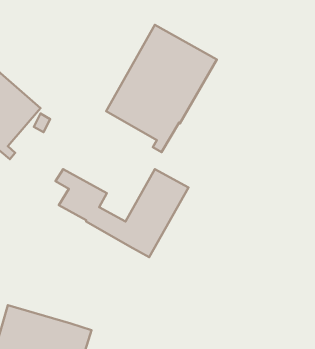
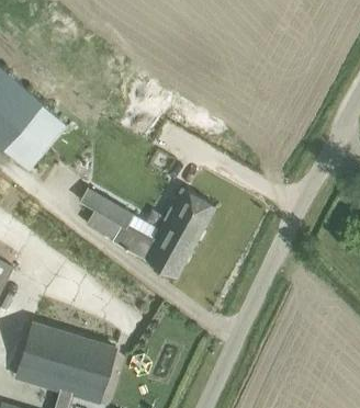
building: [106,25,217,152] -> none

